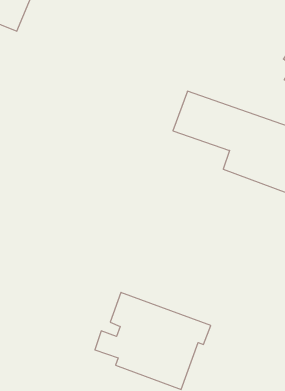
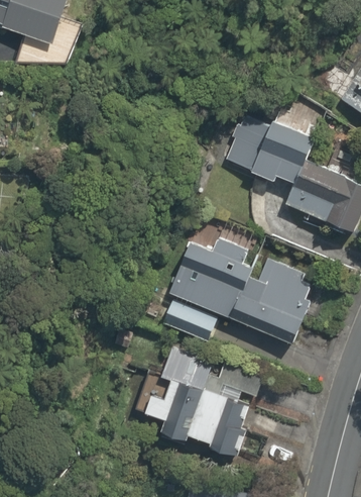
building: none -> [166,218,317,331]

